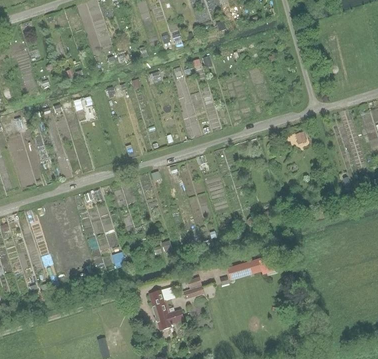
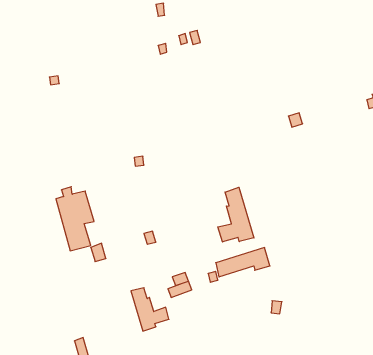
building: none -> [218,187,254,242]

